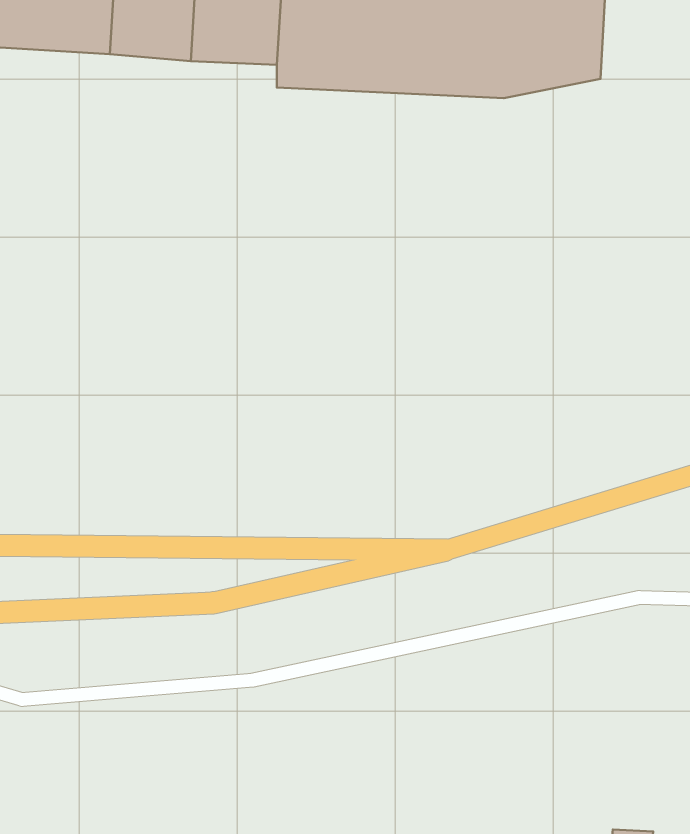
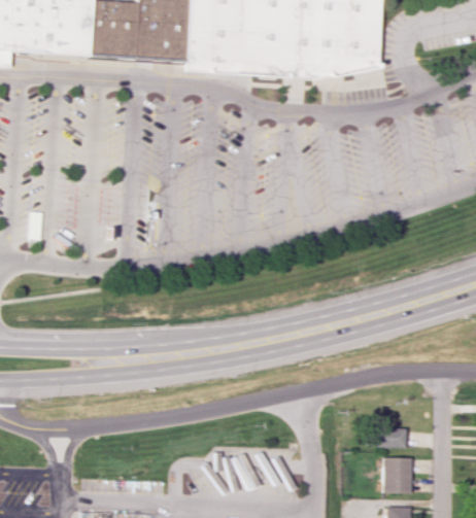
building: none -> [369,426,407,447]
building: none -> [382,456,411,492]

